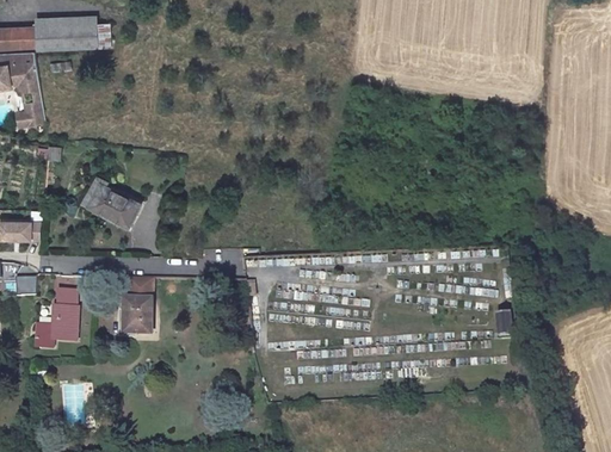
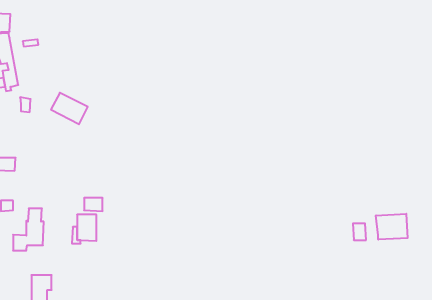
building: [31,20,94,49] -> none
building: [88,185,138,228] -> [51,93,88,124]
building: none -> [376,214,408,240]

